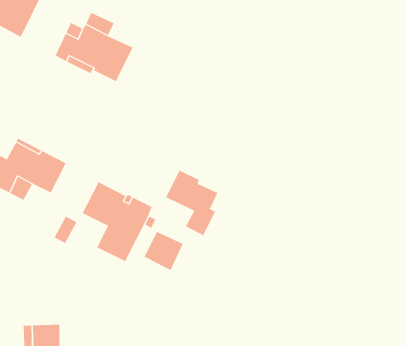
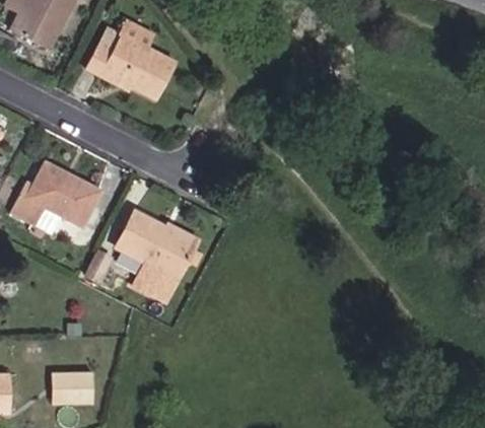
building: [166,170,218,236] -> none
building: [144,231,184,271] -> none

